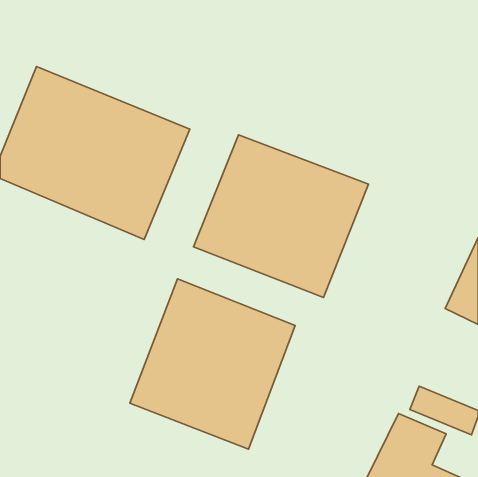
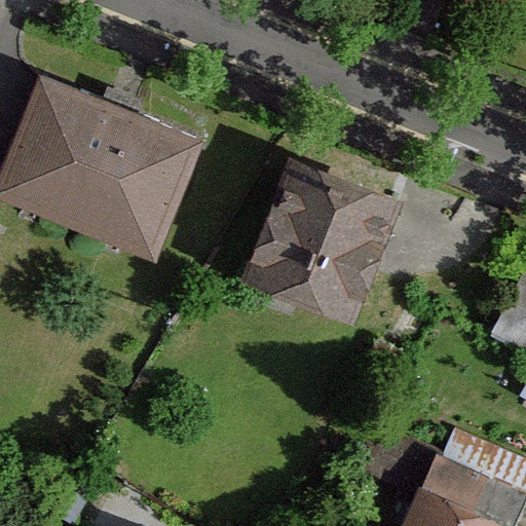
building: [130,279,295,449] -> none

